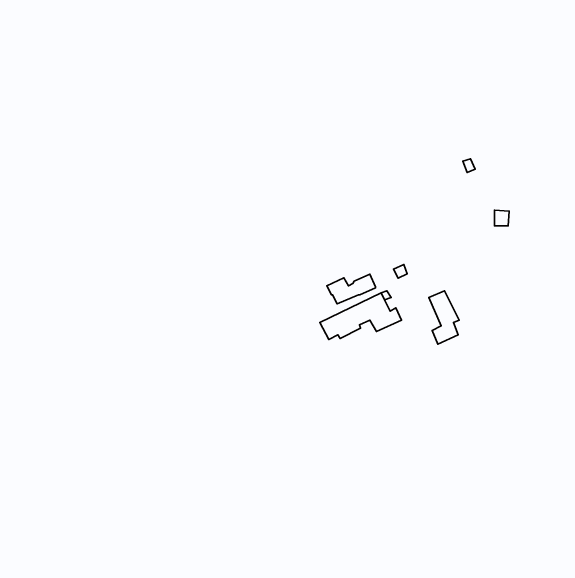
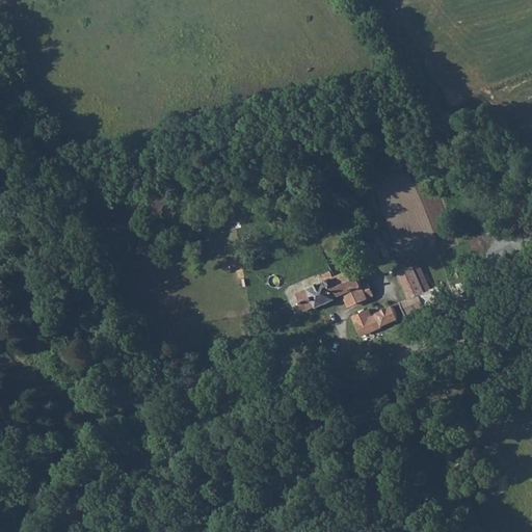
building: [327,274,376,304] -> [351,307,396,334]

